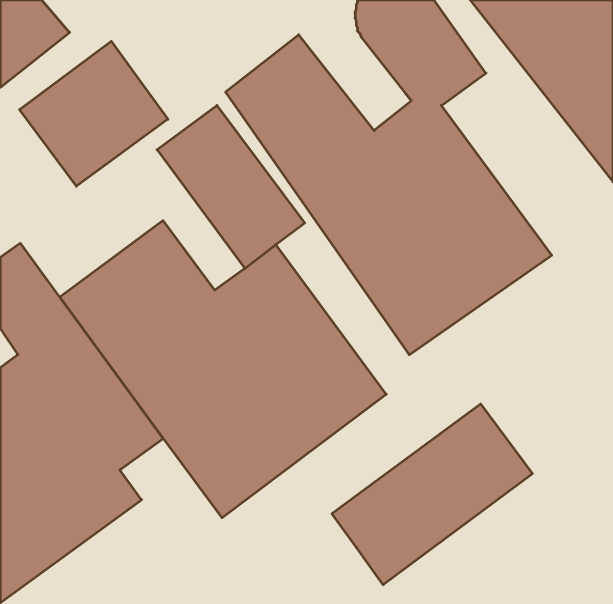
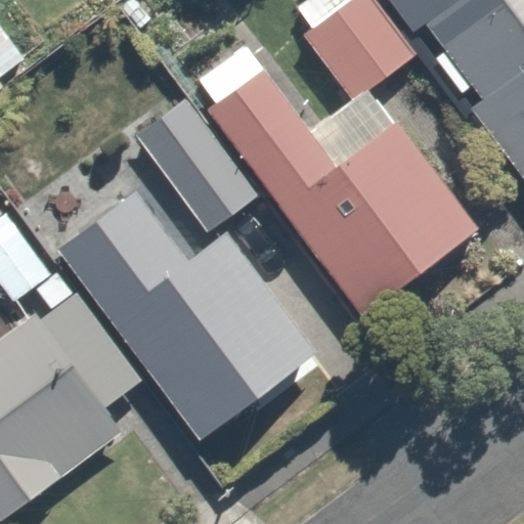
building: [20,41,168,186] -> none
building: [332,404,532,585] -> none

